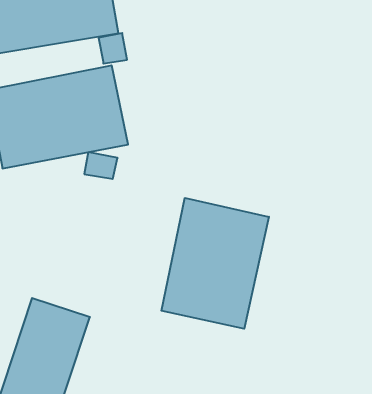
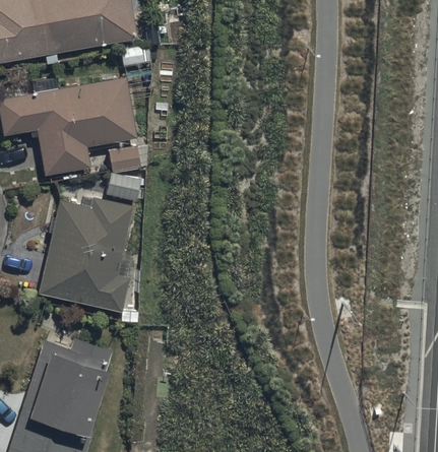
building: none -> [43,192,139,311]
building: [161,198,269,329] -> none

